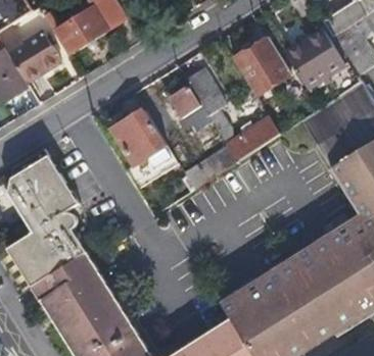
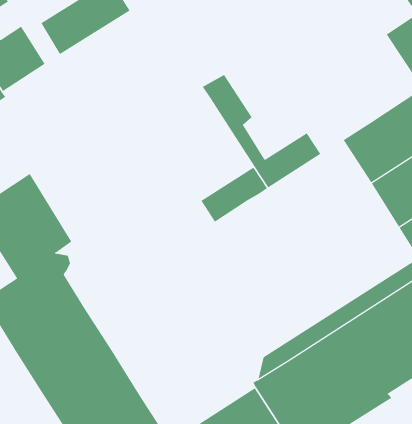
building: [284,27,345,86] -> none
building: [233,37,290,94] -> none
building: [171,87,211,130] -> none
building: [113,109,180,190] -> none

